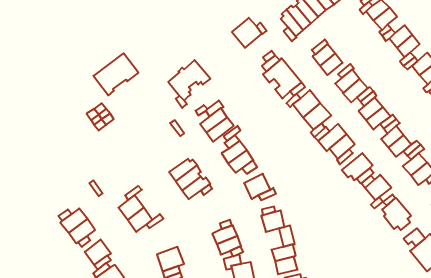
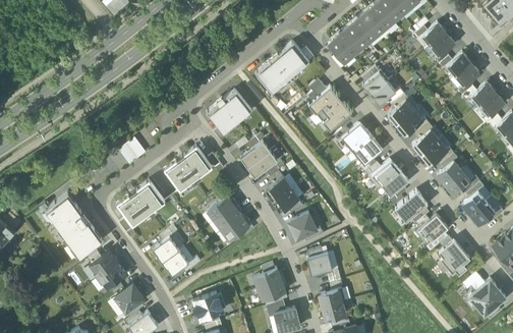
building: none -> [256,59,290,92]
building: [93,53,138,95] -> [164,146,213,191]
building: none -> [117,180,166,226]
building: none -> [46,195,103,258]

